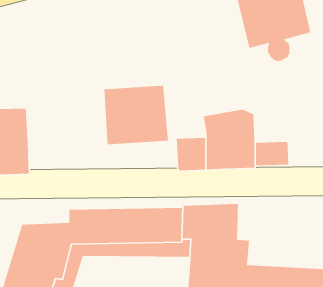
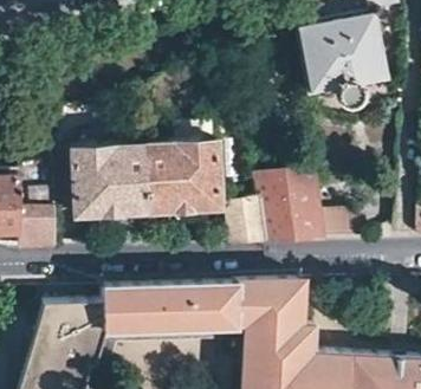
building: none -> [52,142,147,213]

